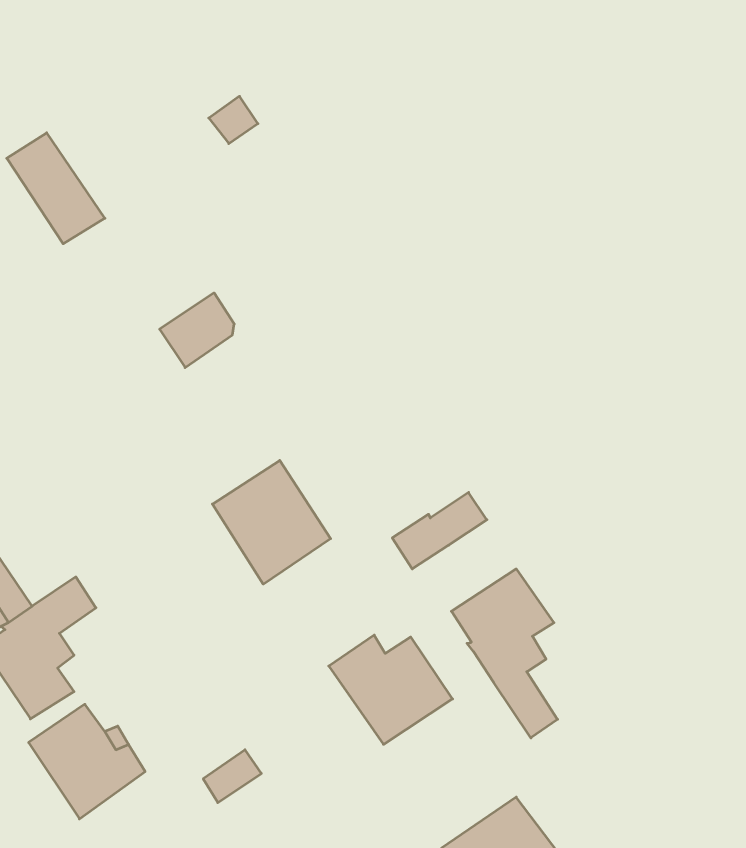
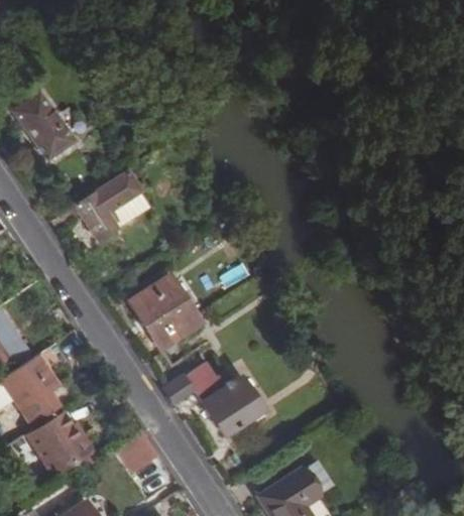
building: none -> [79,173,132,238]
building: [392,492,487,569] -> [164,363,217,405]
building: [451,569,558,738] -> none

